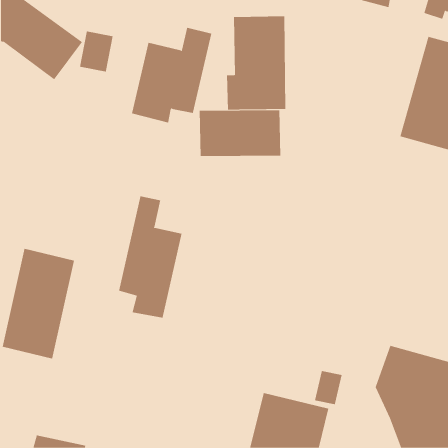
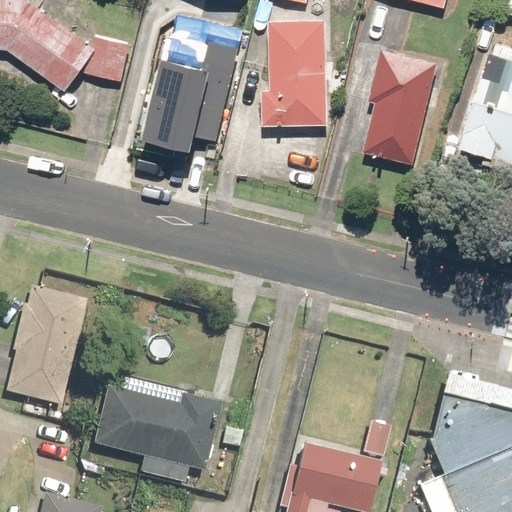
building: none -> [364,47,437,164]
building: [199,110,281,157] -> none
building: [119,195,182,319] -> none
building: none -> [92,386,222,474]

